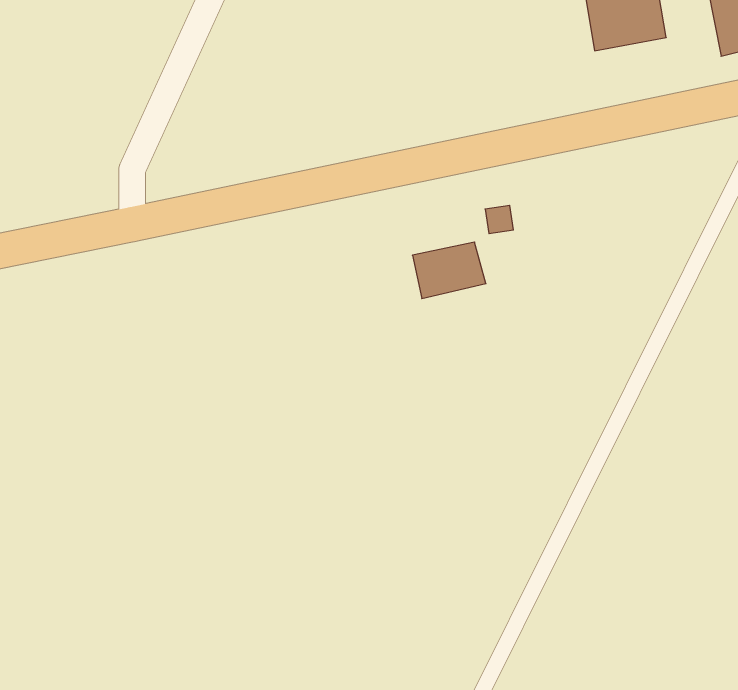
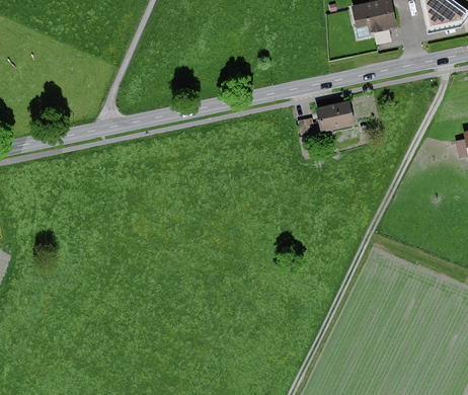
building: [412,242,486,299] -> [316,99,356,130]

